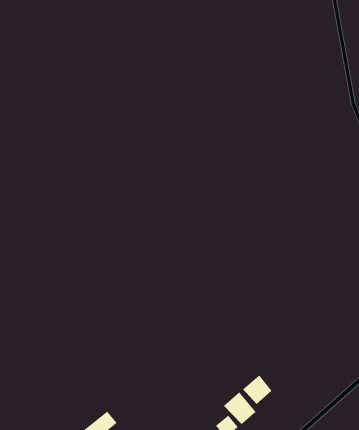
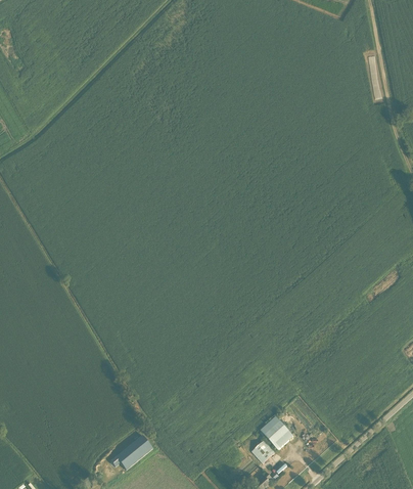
building: [242,374,272,405] -> none

